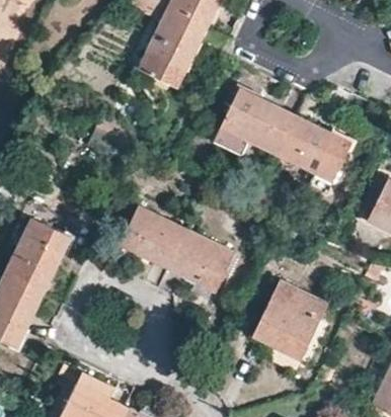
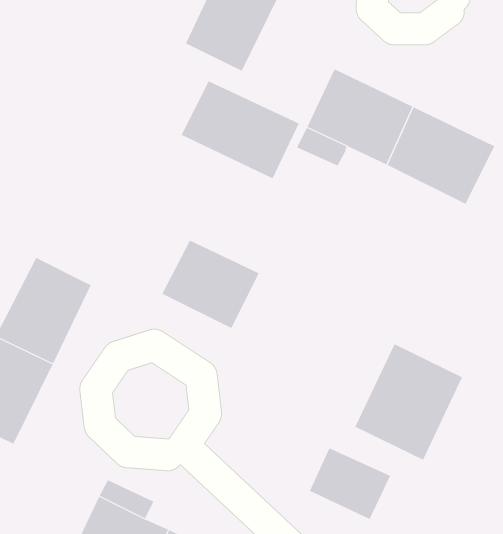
building: none -> [181,80,300,179]
building: [168,230,235,293] -> none
building: none -> [309,447,391,520]

